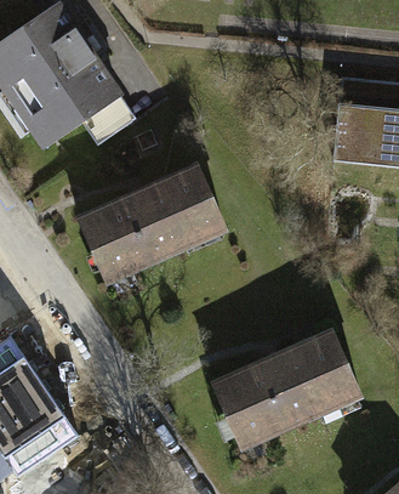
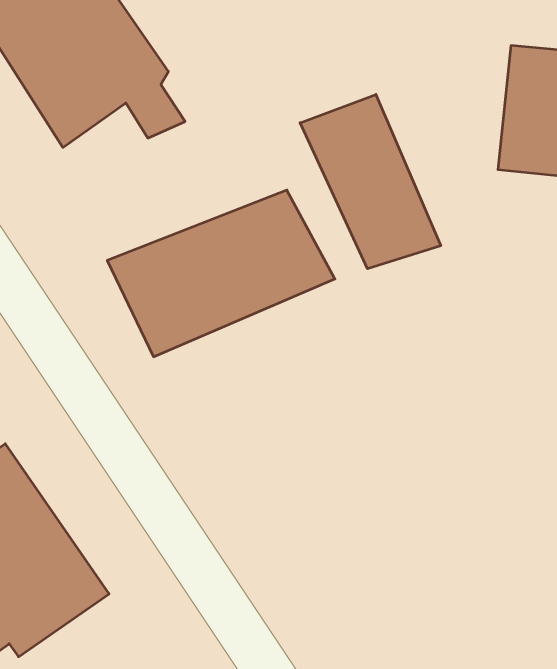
building: none -> [300,94,441,269]
building: [212,329,363,448] -> none

